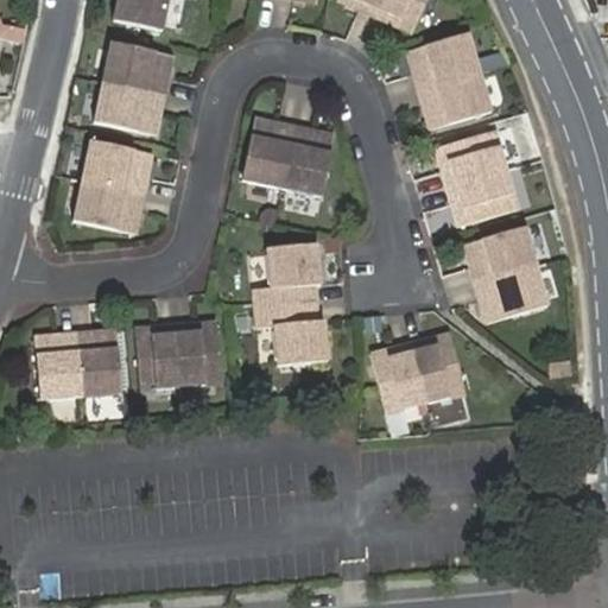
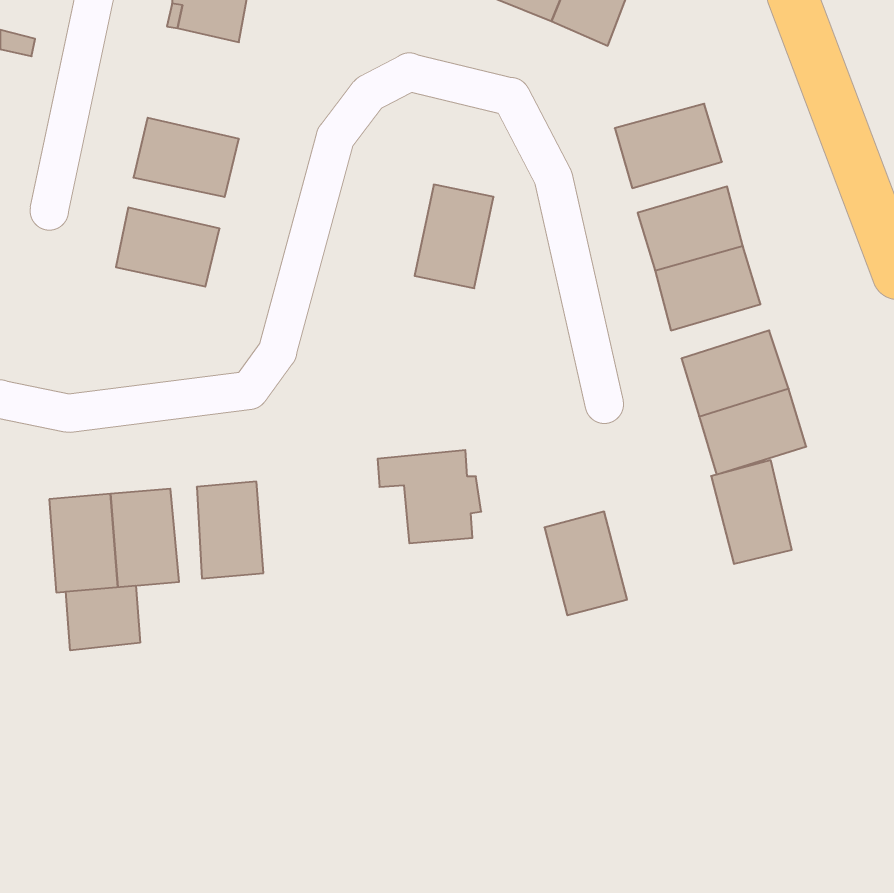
building: [406,31,479,87] -> none
building: [102,39,172,94] -> none
building: [242,115,296,186] -> none
building: [71,180,141,234] -> none
building: [255,246,322,310] -> none
building: [176,322,222,387] -> none
building: [411,335,466,405] -> [711,460,792,564]
building: none -> [66,586,140,650]

